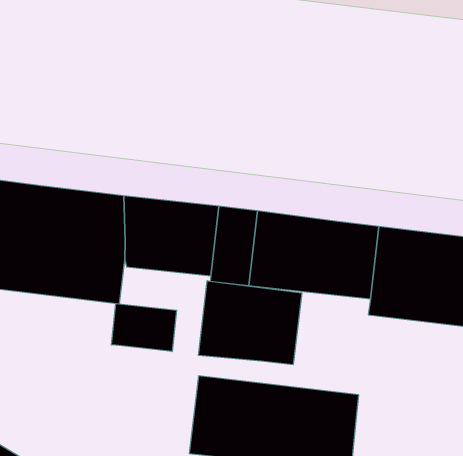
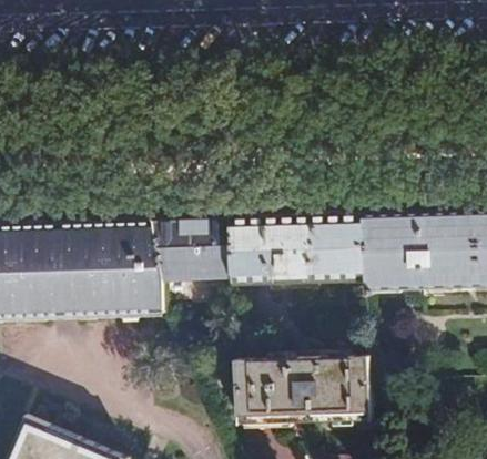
building: [198,281,302,365] -> none
building: [111,304,177,352] -> none

